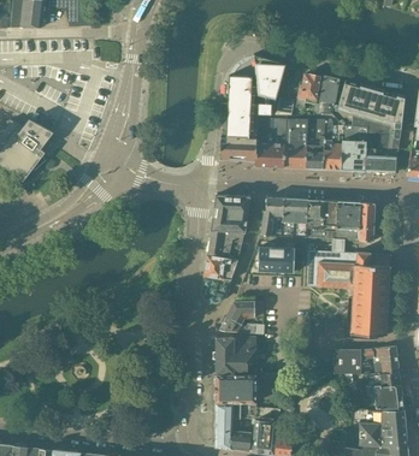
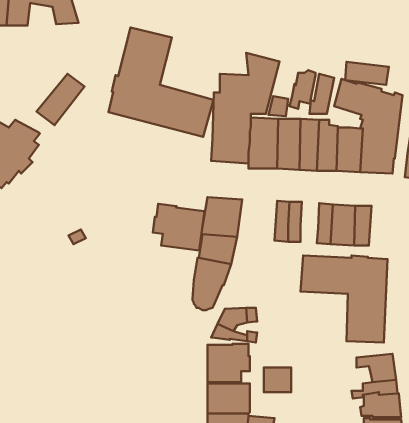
building: none -> [108,28,214,137]
building: none -> [345,62,389,85]
building: none -> [36,74,84,125]
building: [260,199,283,237] -> none
building: [306,200,324,239] -> none
building: none -> [153,204,204,251]
building: [258,247,295,272] -> none
building: [334,350,360,374] -> [264,367,291,392]

